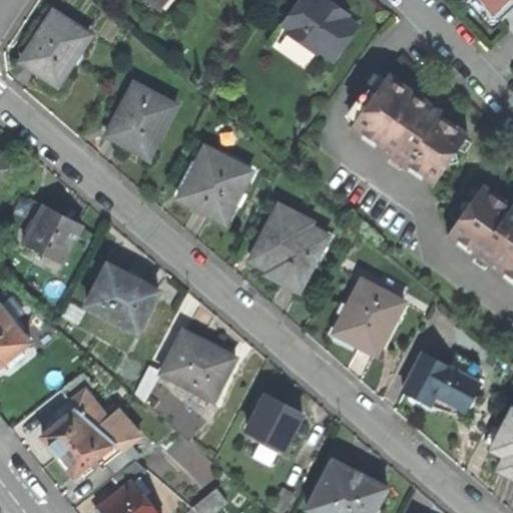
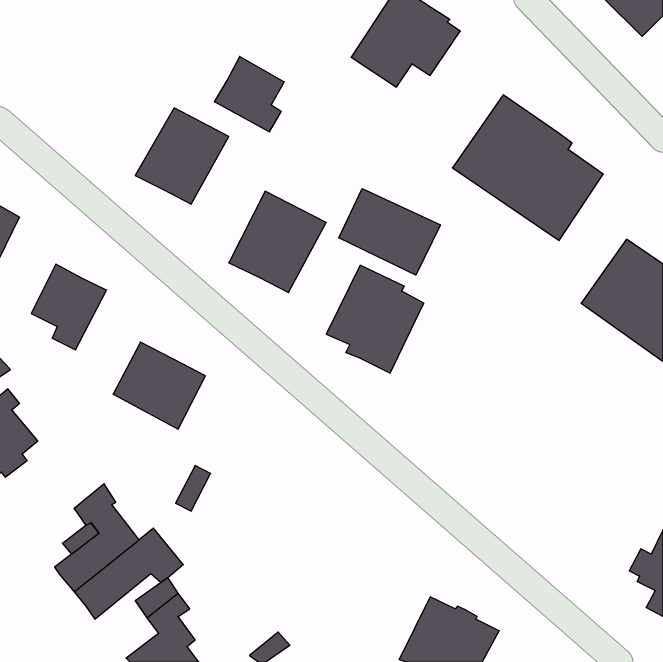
building: [19,10,90,84] -> none
building: none -> [214,56,284,132]
building: none -> [339,189,440,275]
building: [335,280,404,353] -> none
building: [161,330,234,399] -> none
building: [402,349,484,409] -> none
building: [248,394,301,448] -> none

